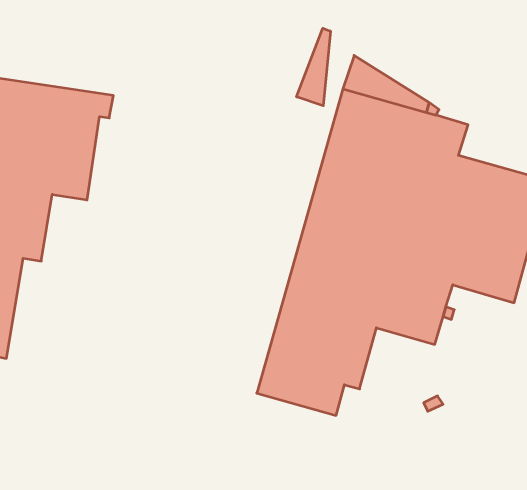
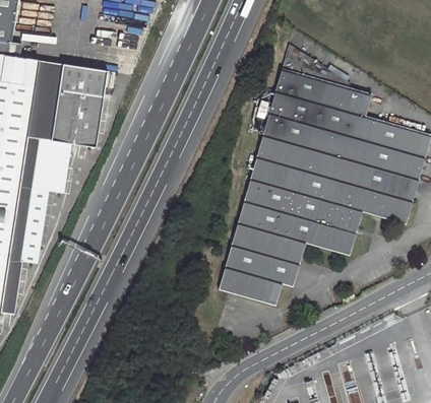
building: [297,28,330,106] -> none

